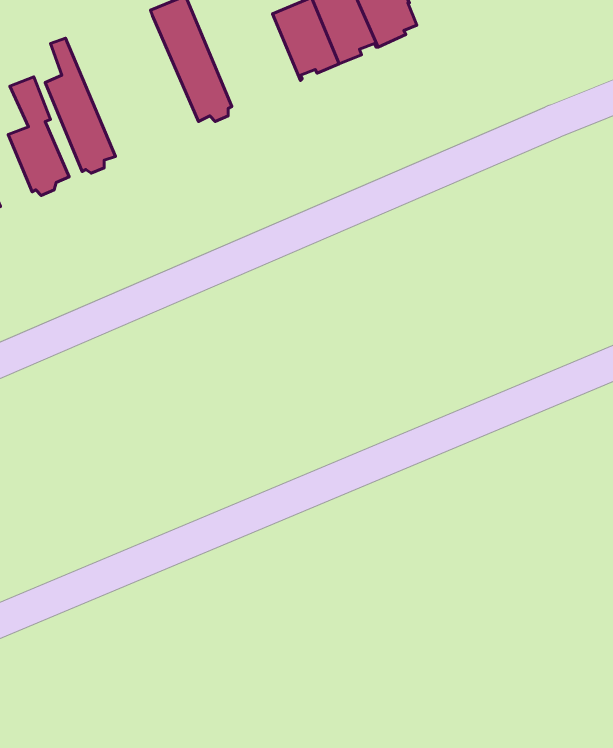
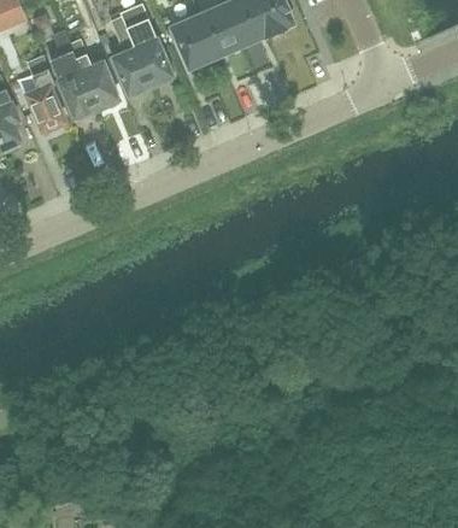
building: none -> [172,16,217,68]
building: none -> [111,17,151,96]
building: none -> [64,30,119,108]

